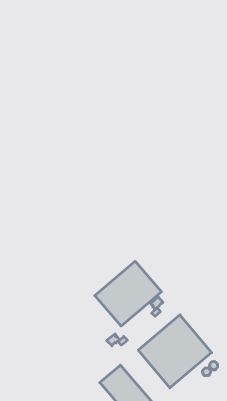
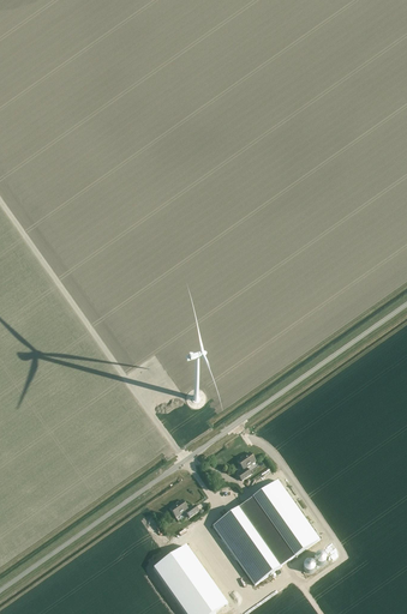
building: [95,261,161,326] -> none

